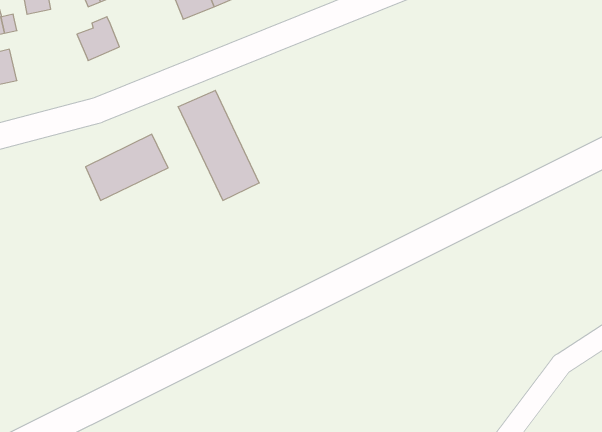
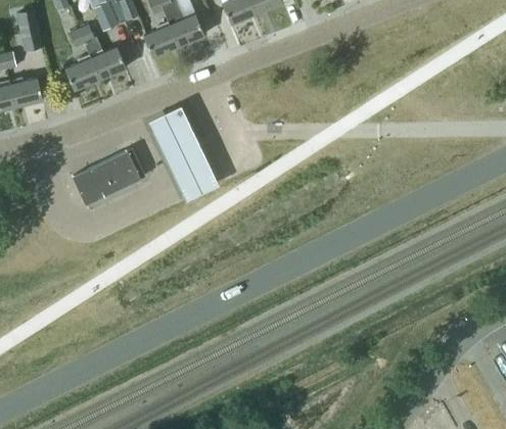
building: none -> [92,47,126,79]
building: none -> [10,78,43,106]

